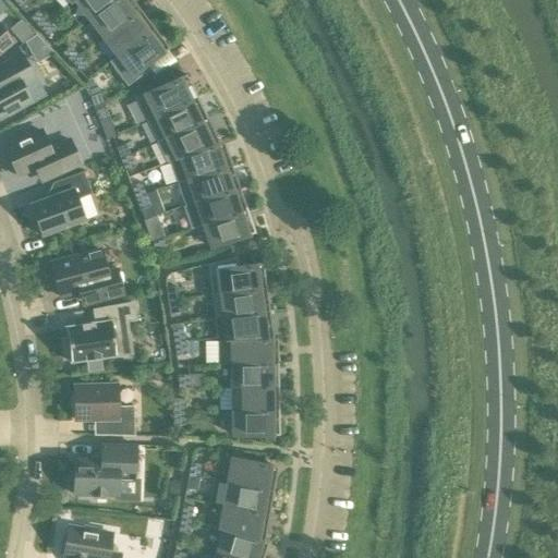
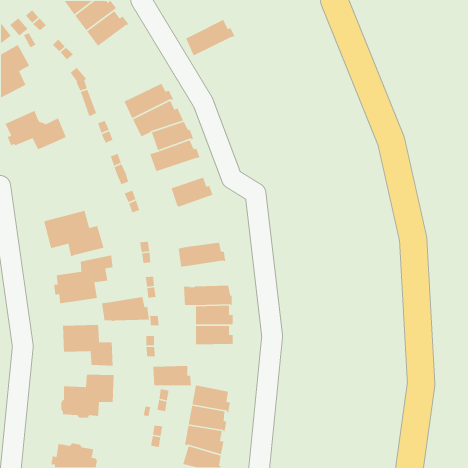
building: [109,31,168,86] -> none
building: [136,76,196,121] -> [185,19,235,56]
building: [29,172,92,235] -> none
building: [195,189,246,223] -> none
building: [207,257,266,295] -> none
building: [215,311,272,341] -> [101,296,150,322]
building: [232,410,279,435] -> [153,365,192,386]

